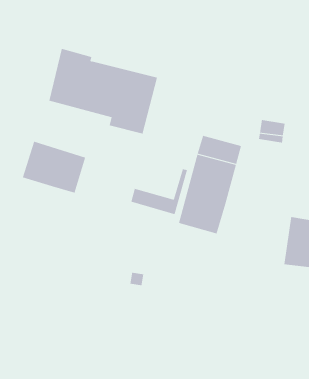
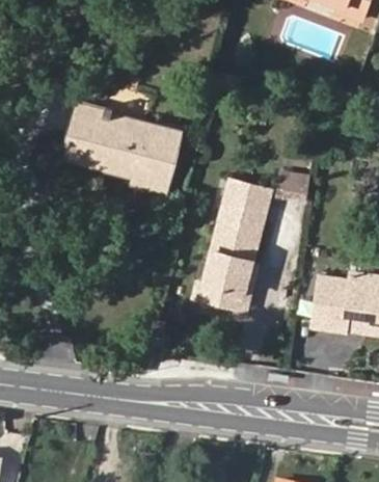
building: [22,141,86,193] -> none
building: [130,169,188,215] -> [199,265,261,314]

